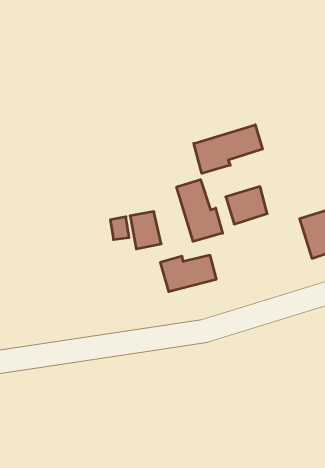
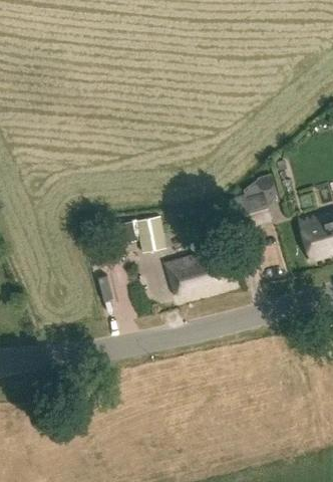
building: [194,125,263,173] -> none
building: [177,180,223,241] -> none

